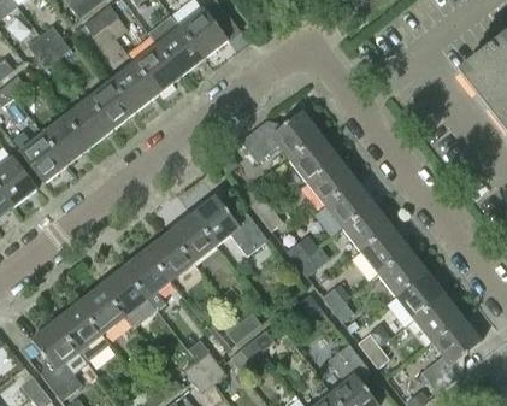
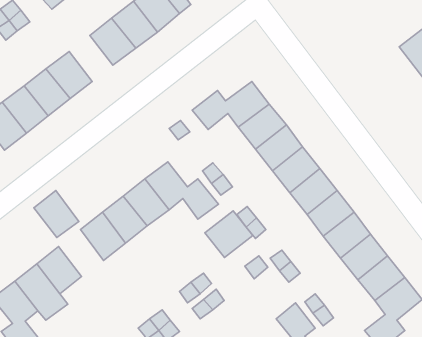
building: [111,63,157,111] -> none
building: none -> [205,211,253,257]
building: [100,266,147,316] -> [34,191,79,238]

